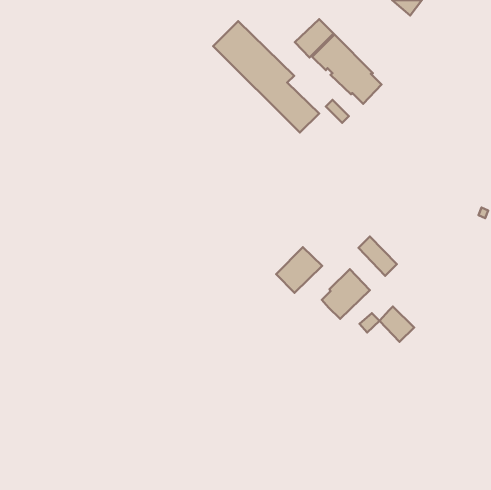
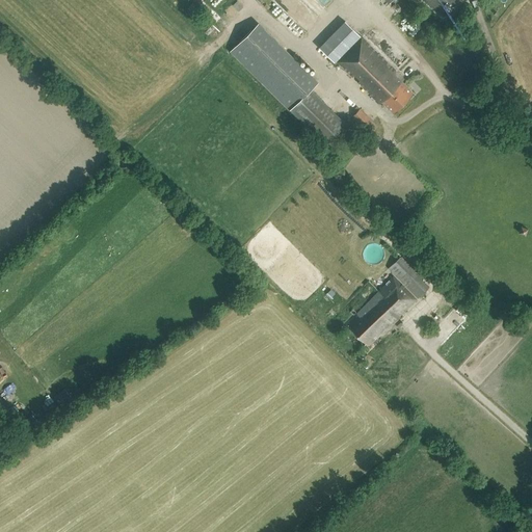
building: [276,247,322,293] -> none
building: [379,306,414,342] -> [378,276,416,315]

